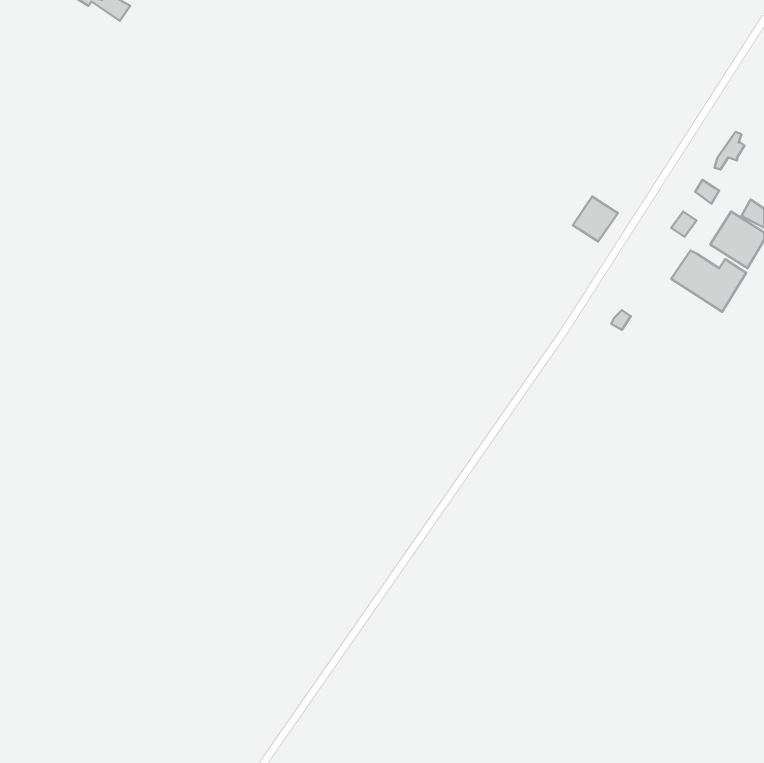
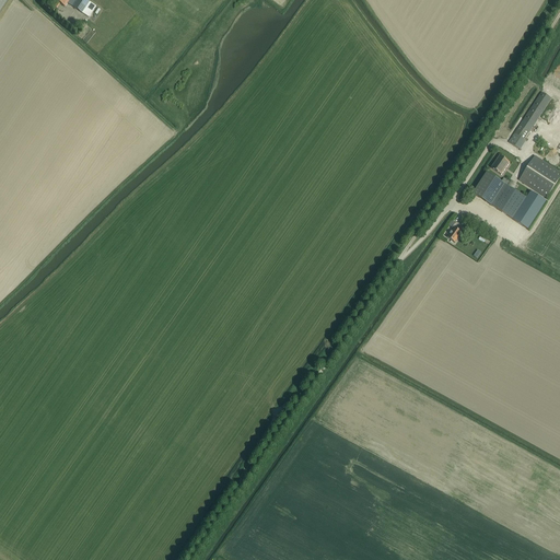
building: [573,197,618,242] -> [471,171,504,203]

